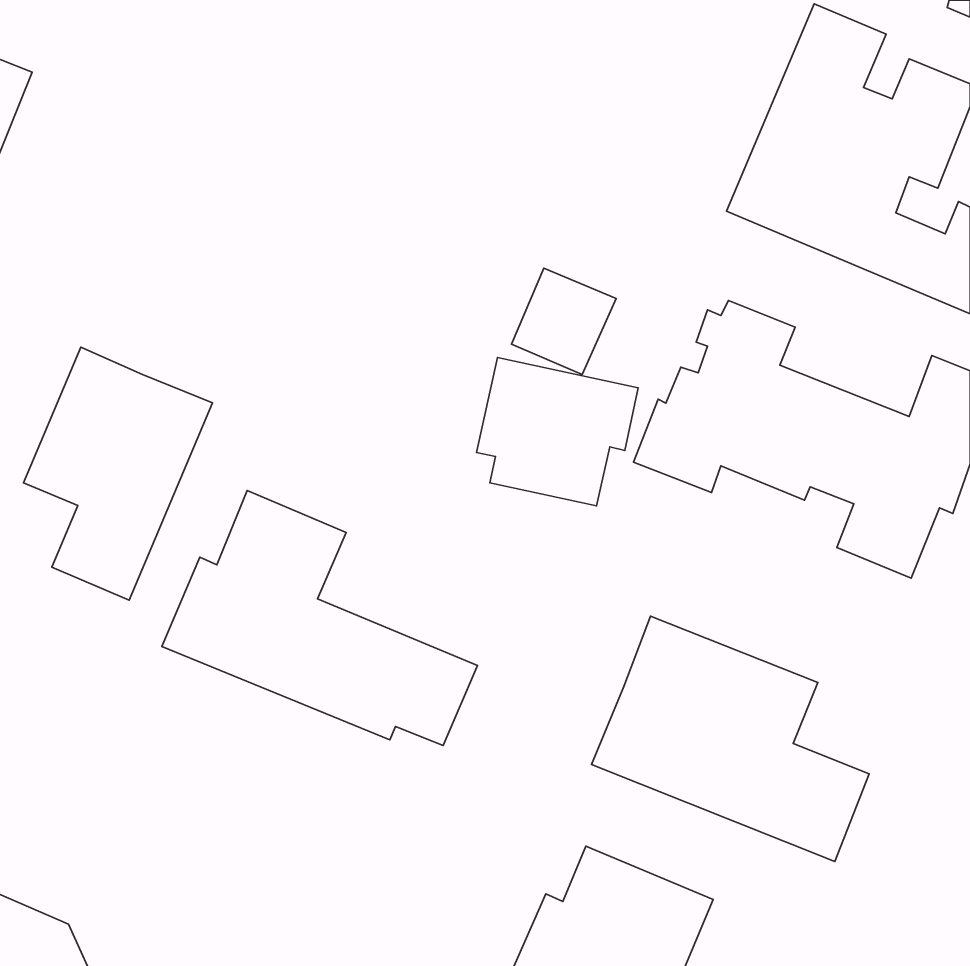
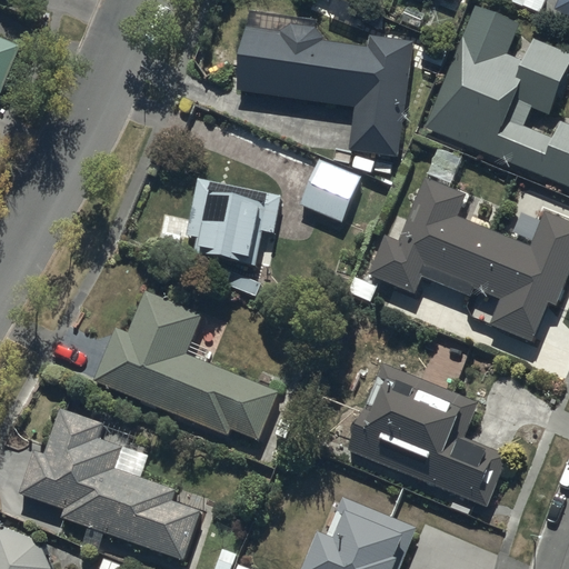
building: none -> [238,26,413,157]
building: [23,347,212,600] -> none
building: [477,357,638,506] -> [186,179,280,266]
building: none -> [20,409,199,559]

